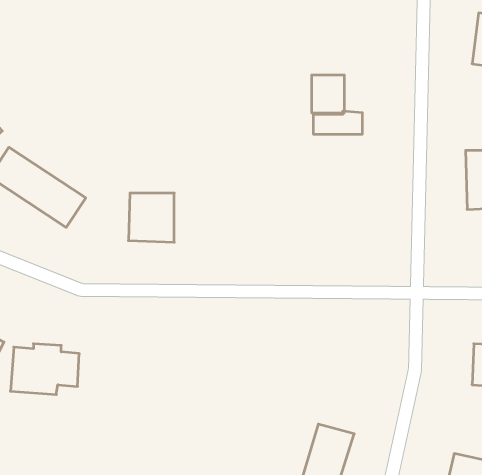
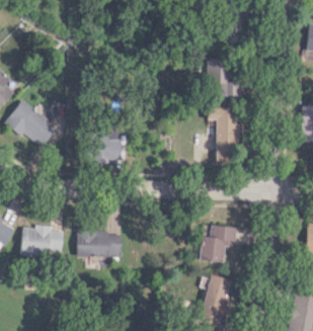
building: none -> [208,107,238,160]
building: none -> [200,224,236,263]
building: none -> [76,231,122,257]

